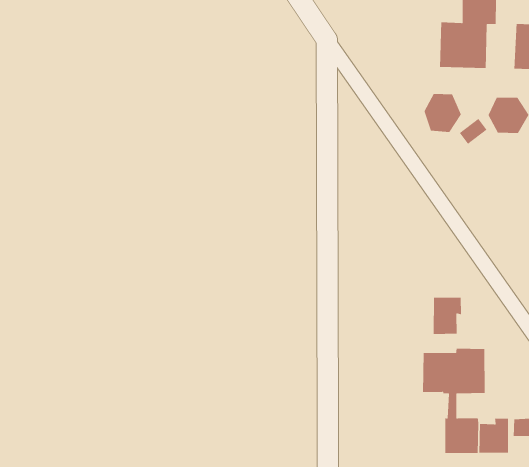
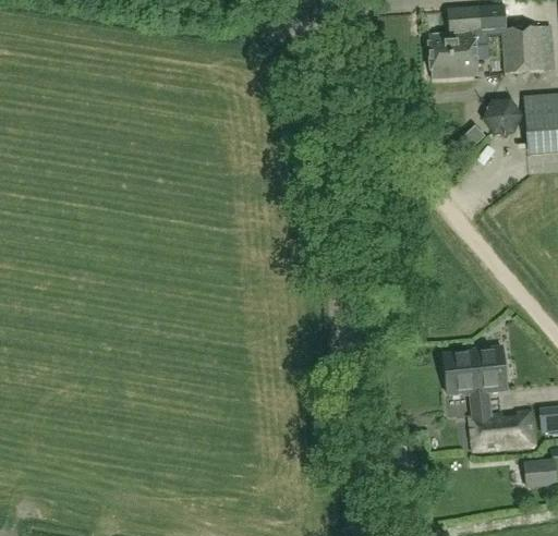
building: [423,93,462,133] -> none
building: [433,297,462,335] -> none

